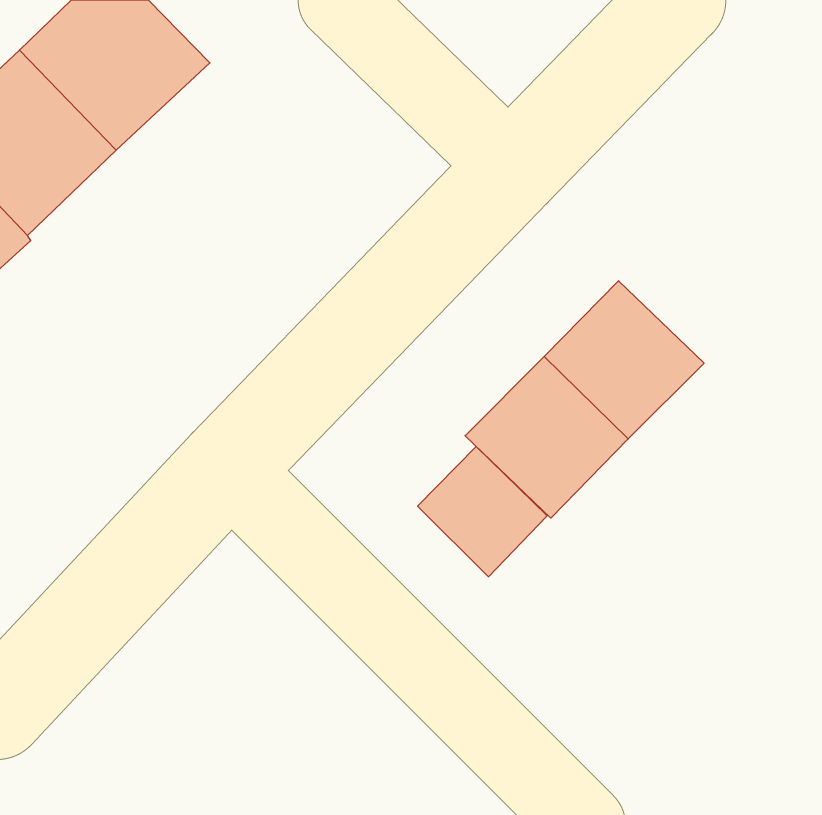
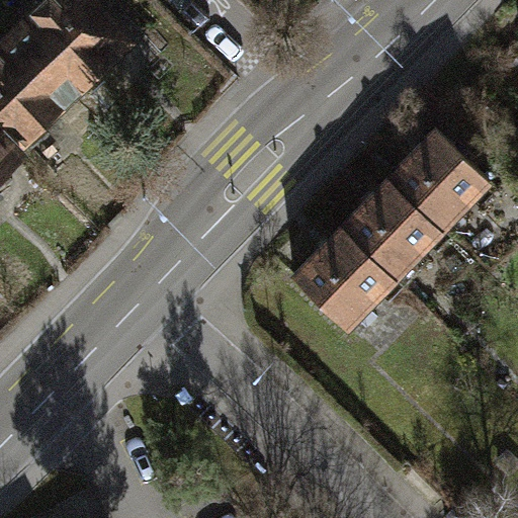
building: none -> [387,133,489,234]
building: [418,446,547,577] -> none

